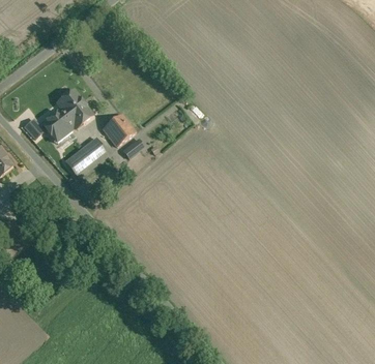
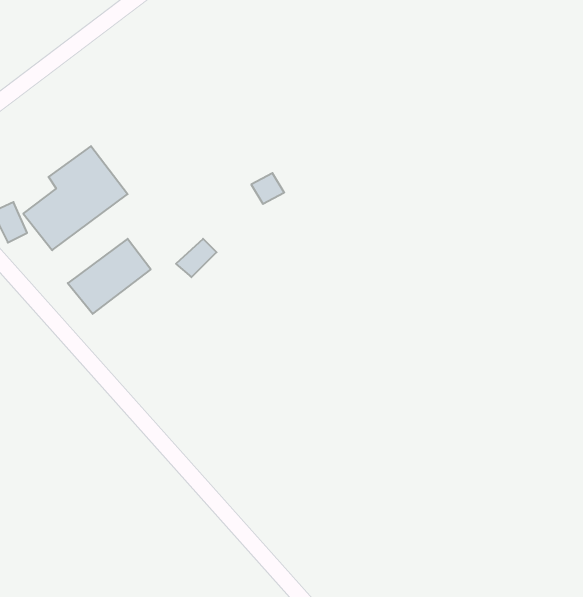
building: [100,112,136,147] -> none

